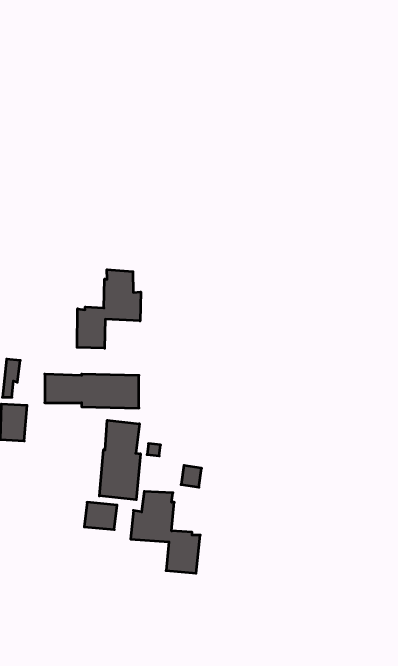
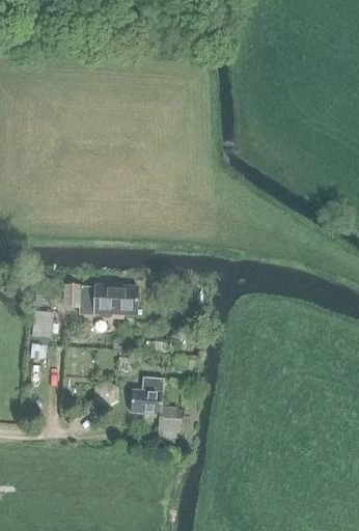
building: [77,270,141,348] -> none
building: [99,420,140,500] -> none

